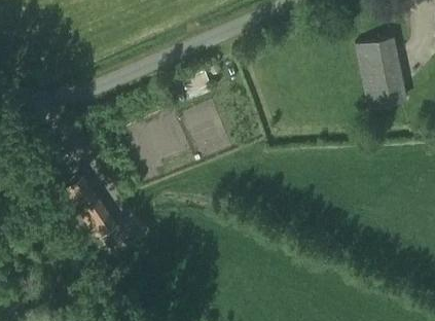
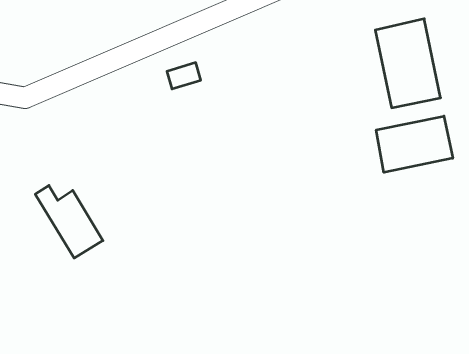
building: none -> [376,116,453,172]

